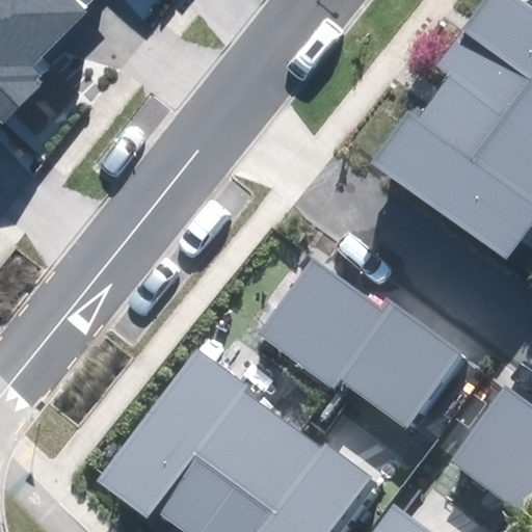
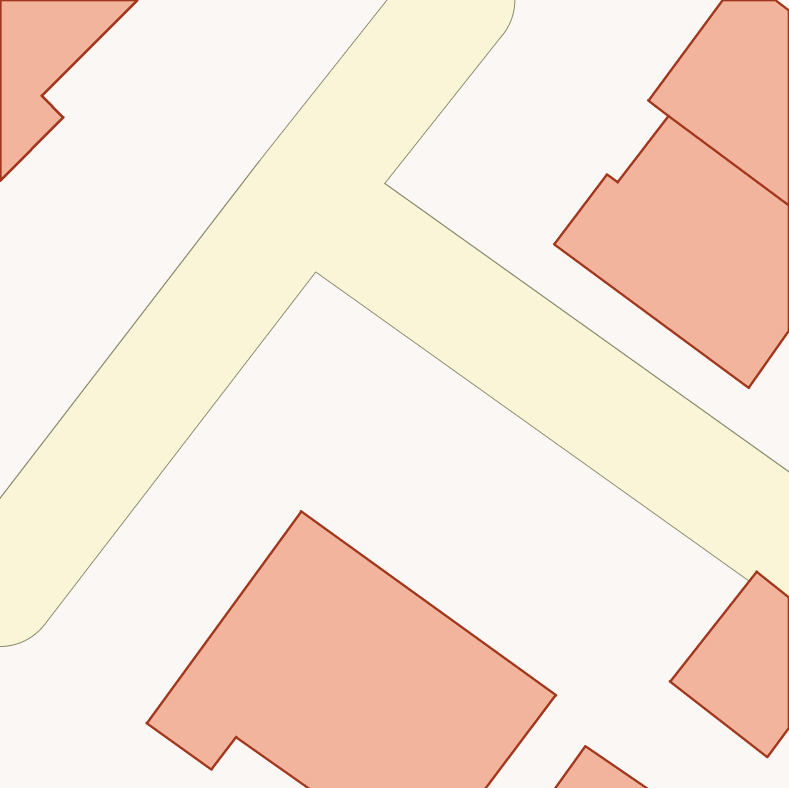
building: [263,254,463,431] -> none

